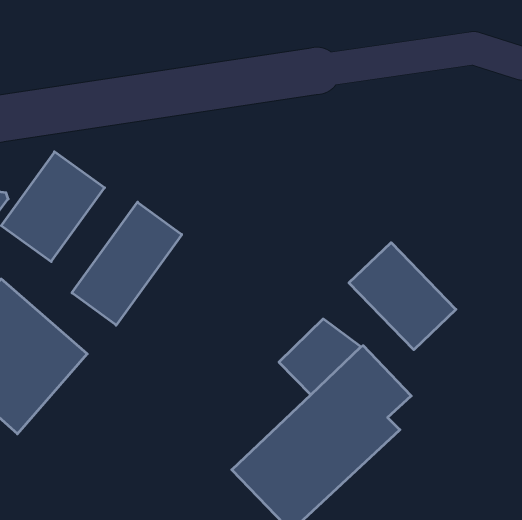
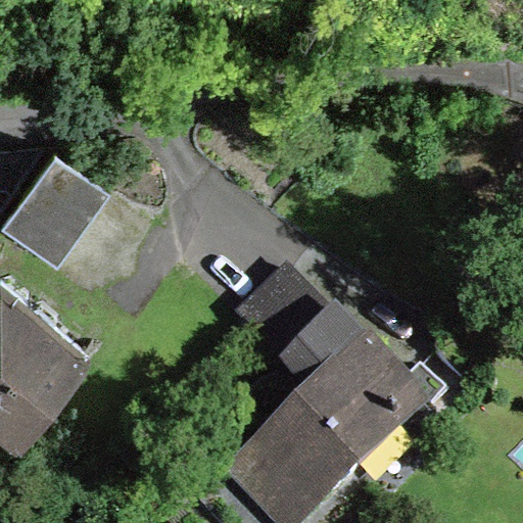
building: [72,202,182,325] -> none
building: [349,243,456,350] -> none

